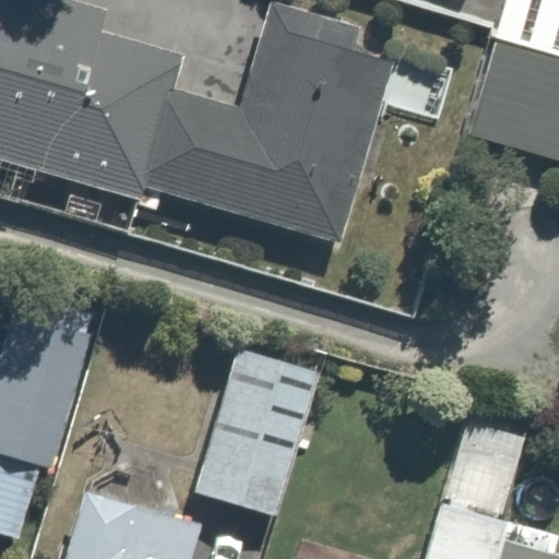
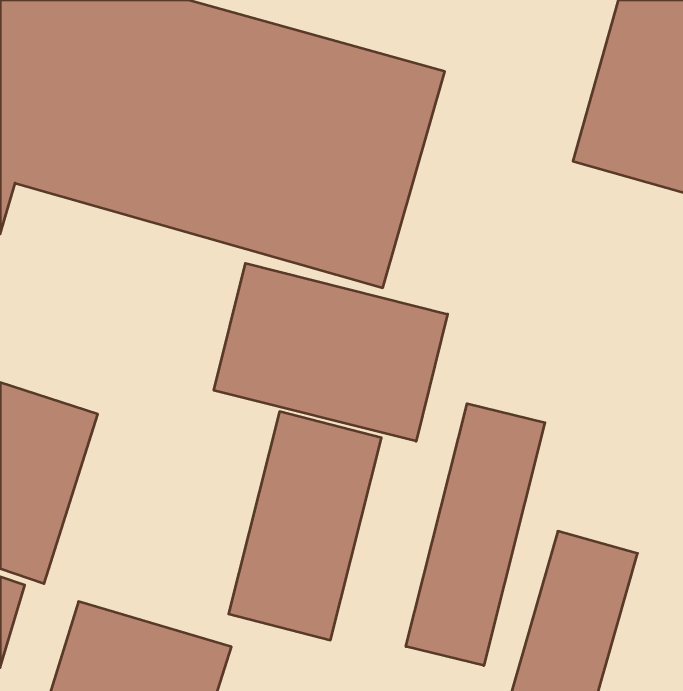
building: none -> [214,263,448,441]
building: none -> [406,404,545,666]

